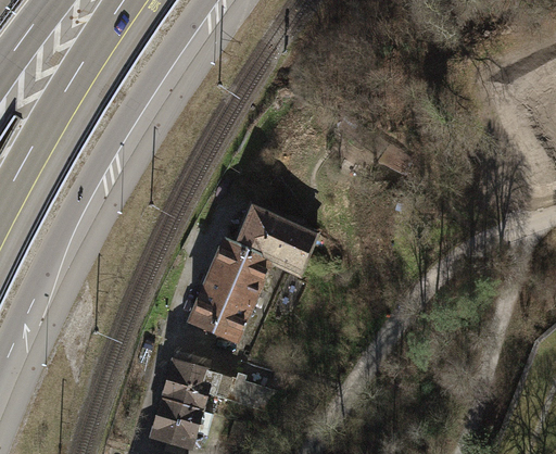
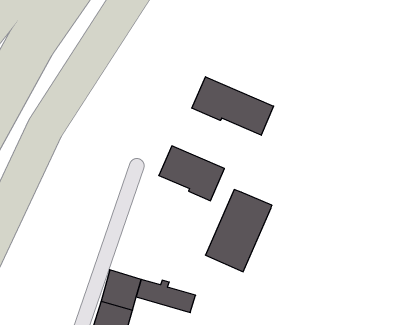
building: none -> [192,77,274,135]
building: [190,239,273,341] -> [205,190,272,272]

